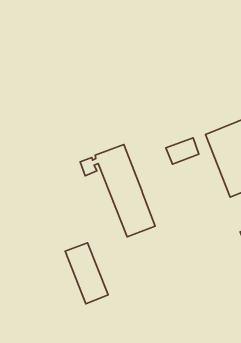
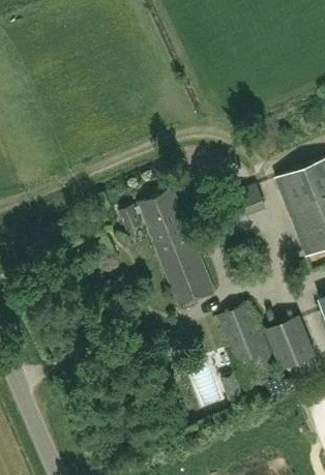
building: [65,243,108,304] -> [218,307,272,384]
building: none -> [265,317,313,369]

